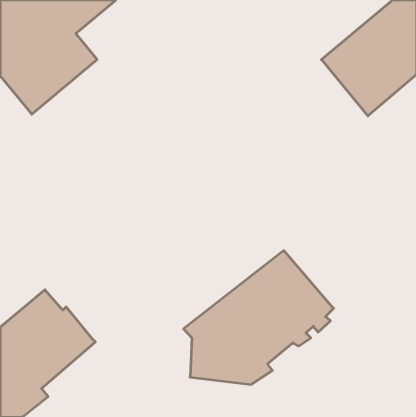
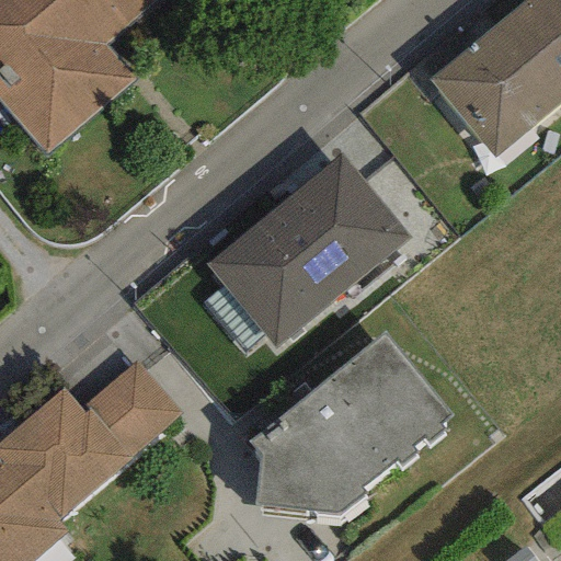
building: none -> [208,154,411,348]
building: none -> [84,362,179,456]

